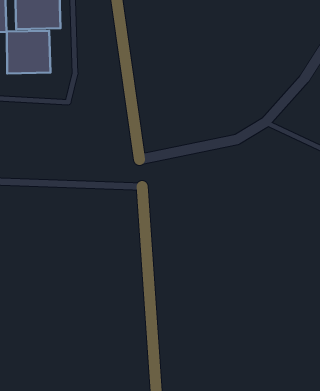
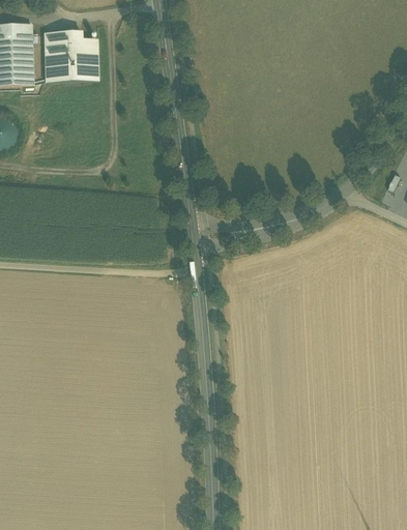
building: [7,31,50,73] -> none

